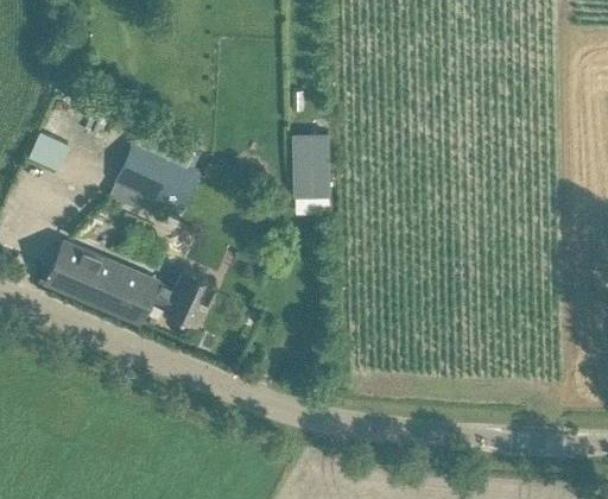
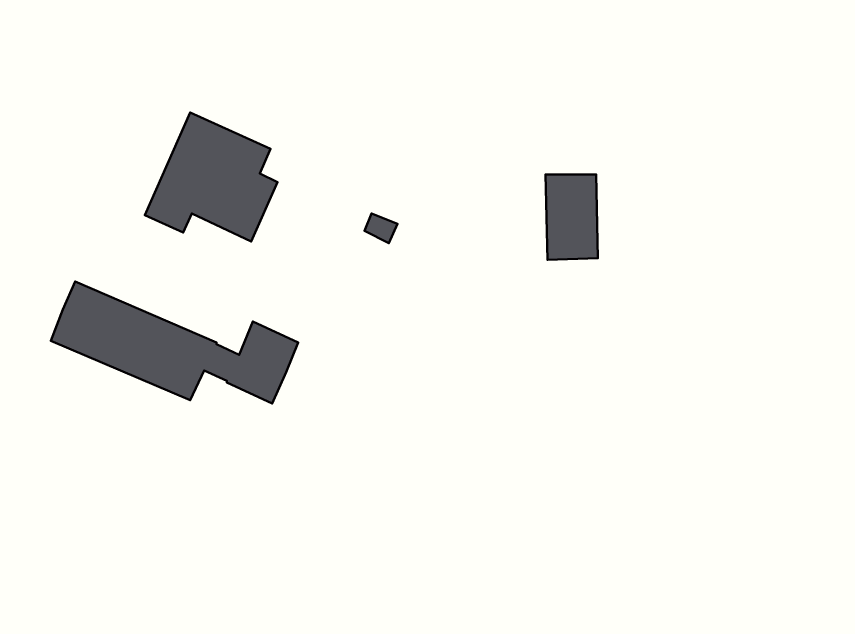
building: [32,135,66,170] -> none
building: [296,137,331,195] -> [546,174,598,260]

